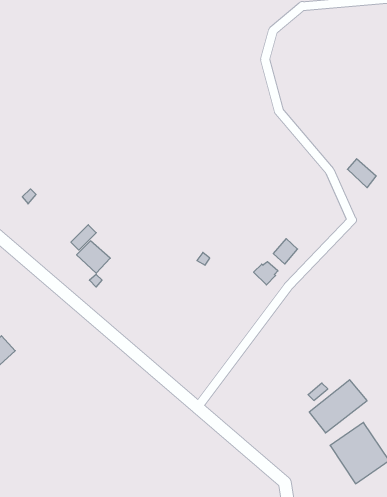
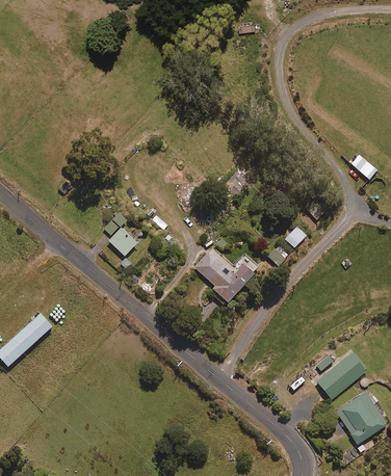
building: none -> [193,250,254,302]

